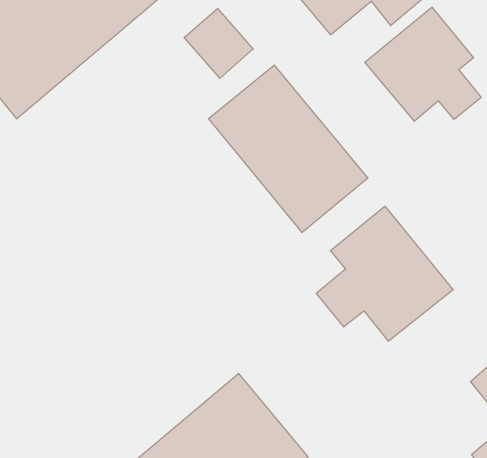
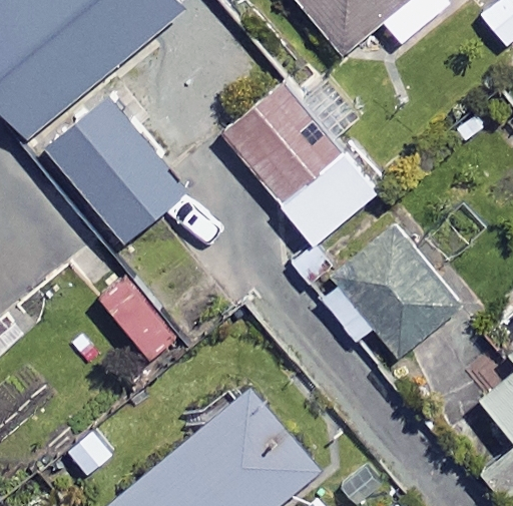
building: [365,7,481,121] -> none
building: none -> [43,75,187,242]

